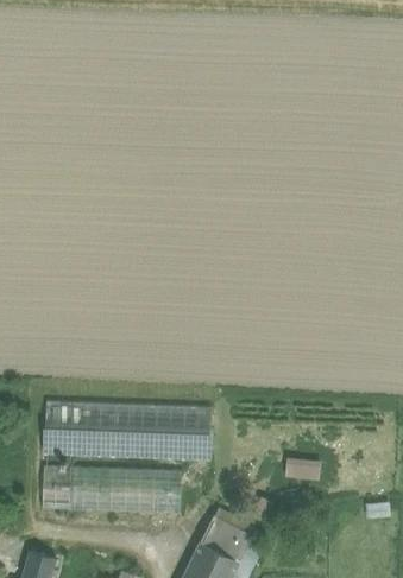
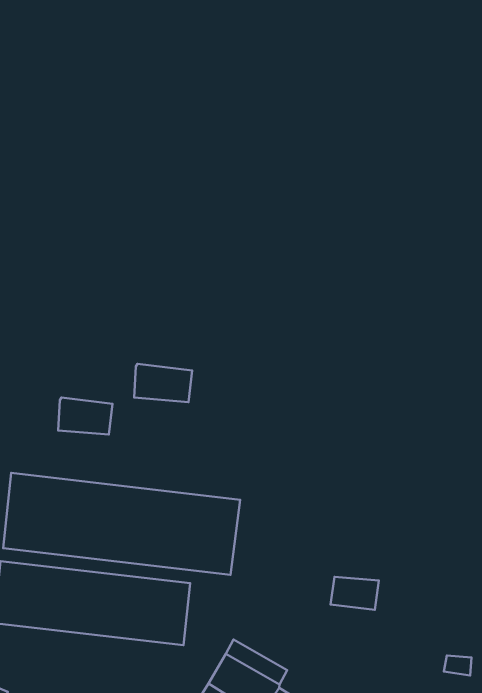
building: none -> [134,364,192,402]
building: none -> [58,398,113,435]

